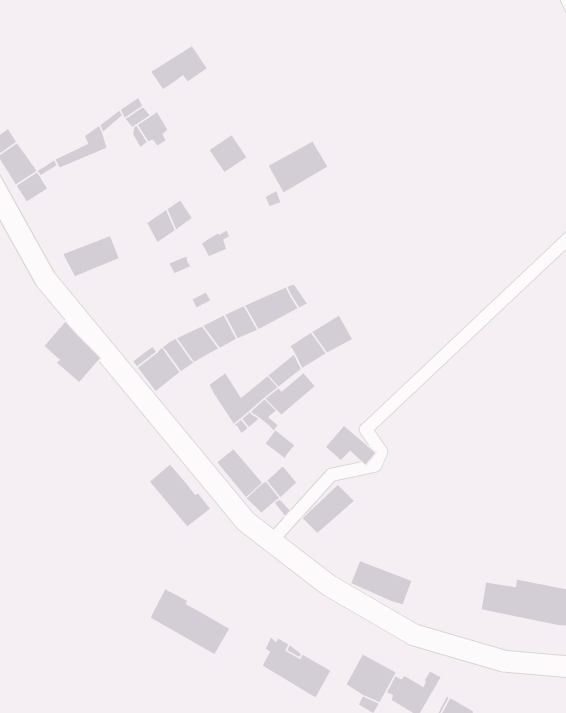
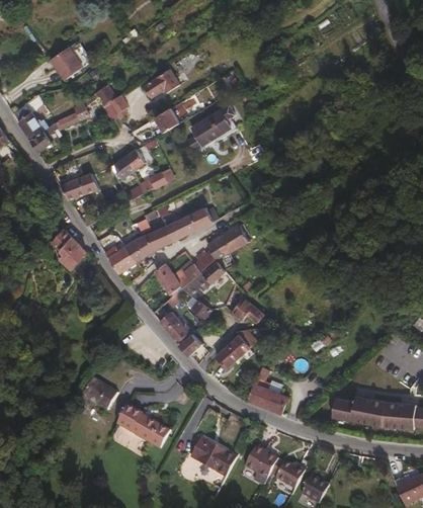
building: none -> [51,47,83,80]
building: [150,45,208,90] -> [143,69,180,98]
building: [149,463,211,528] -> none
building: none -> [81,375,116,409]

